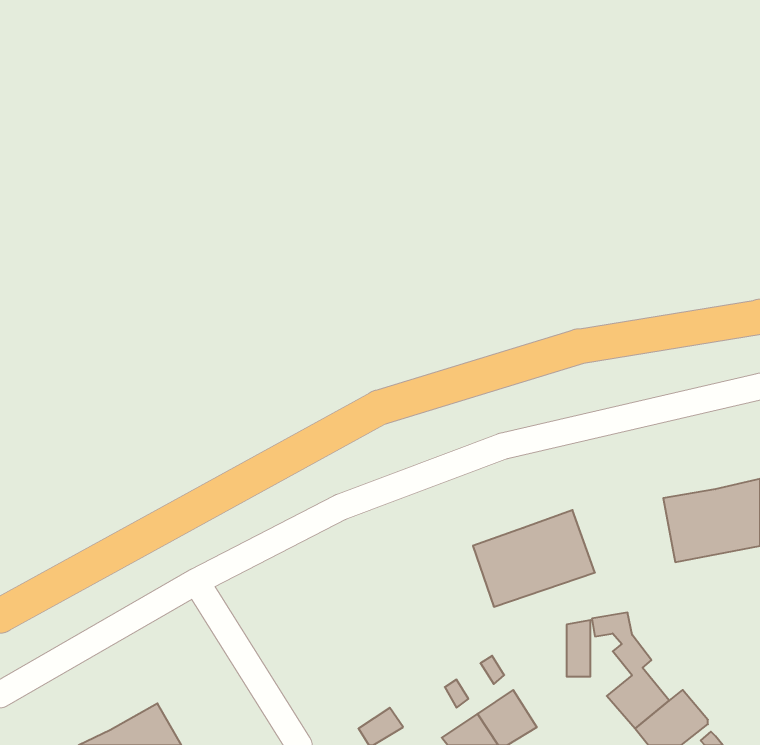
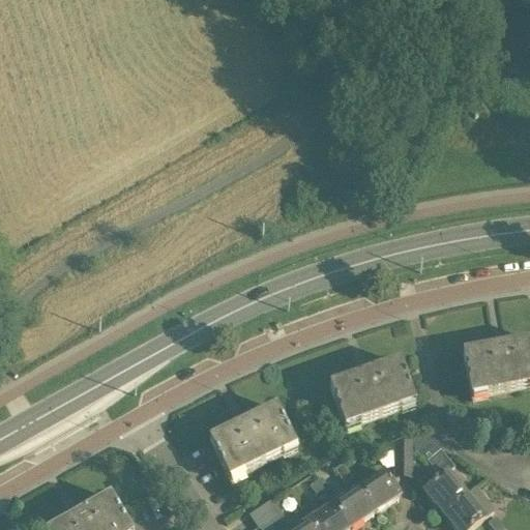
building: none -> [208,402,295,474]
building: none -> [357,464,400,506]

